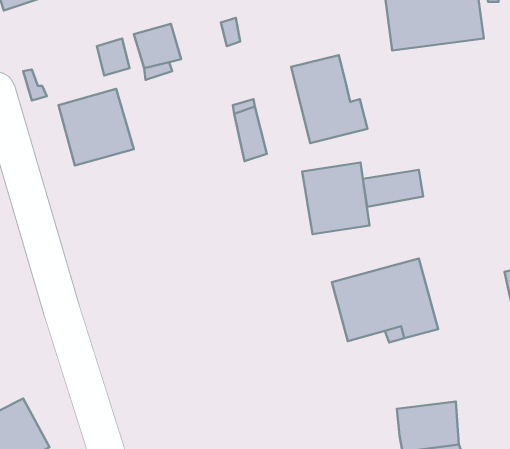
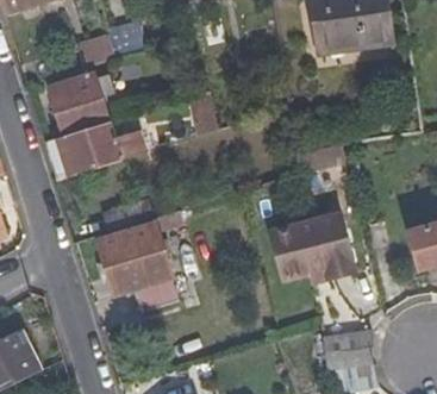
building: [291,55,367,143] -> none
building: none -> [45,126,145,181]
building: [302,162,369,234] -> none
building: none -> [100,211,182,313]

